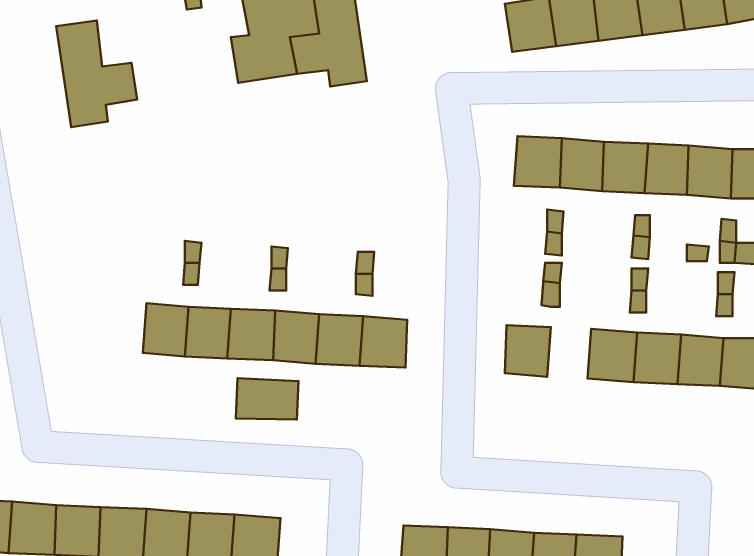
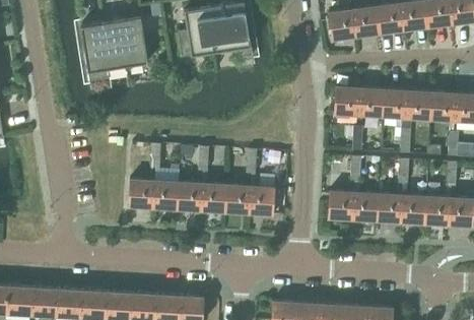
building: none -> [104,15,148,65]
building: none -> [352,191,377,219]
building: [236,378,298,420] -> none

